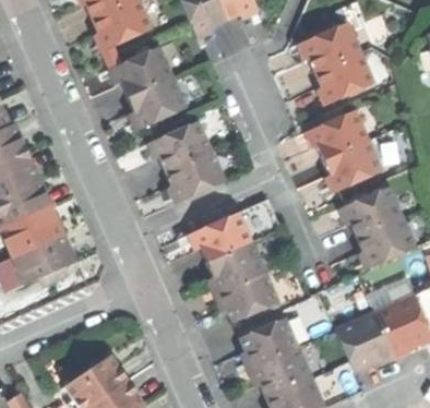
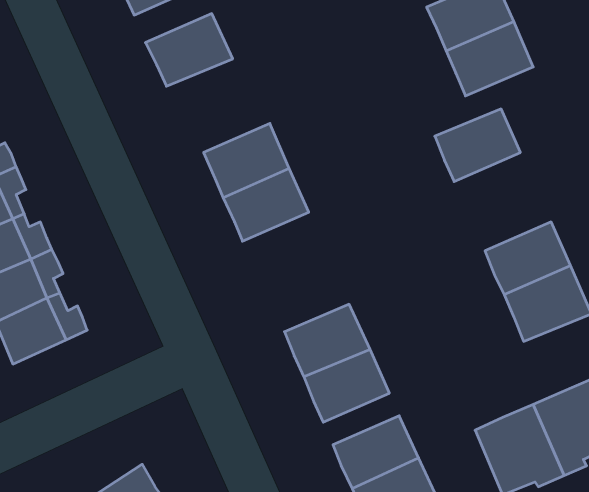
building: [127,77,184,128] -> none
building: [321,141,379,192] -> none
building: [192,212,250,262] -> none

